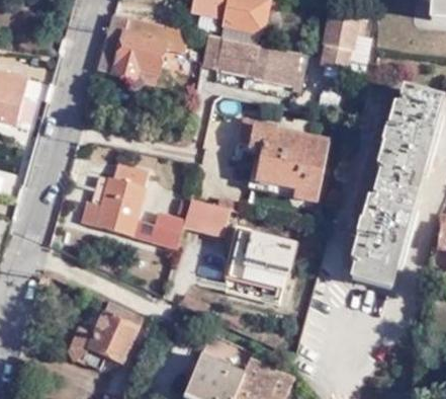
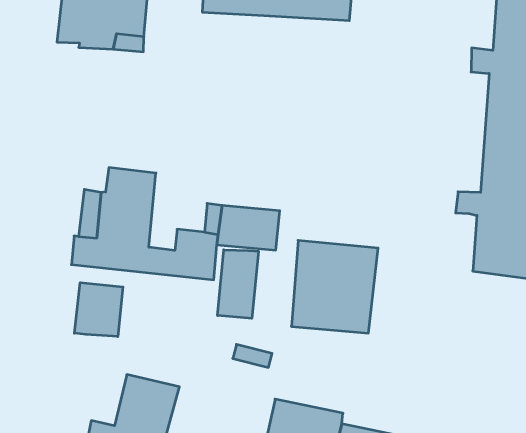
building: [236,112,330,201] -> none
building: none -> [218,250,258,318]
building: none -> [74,283,123,337]

